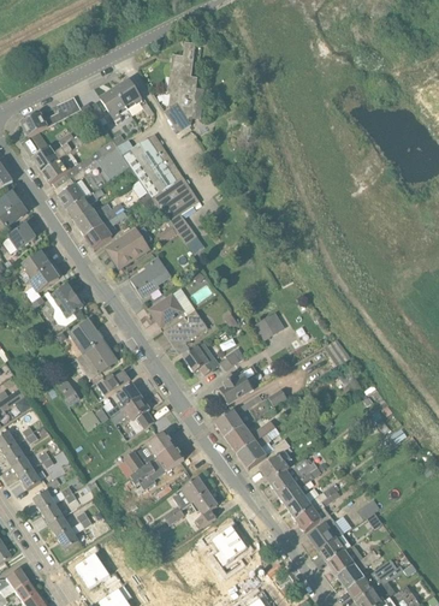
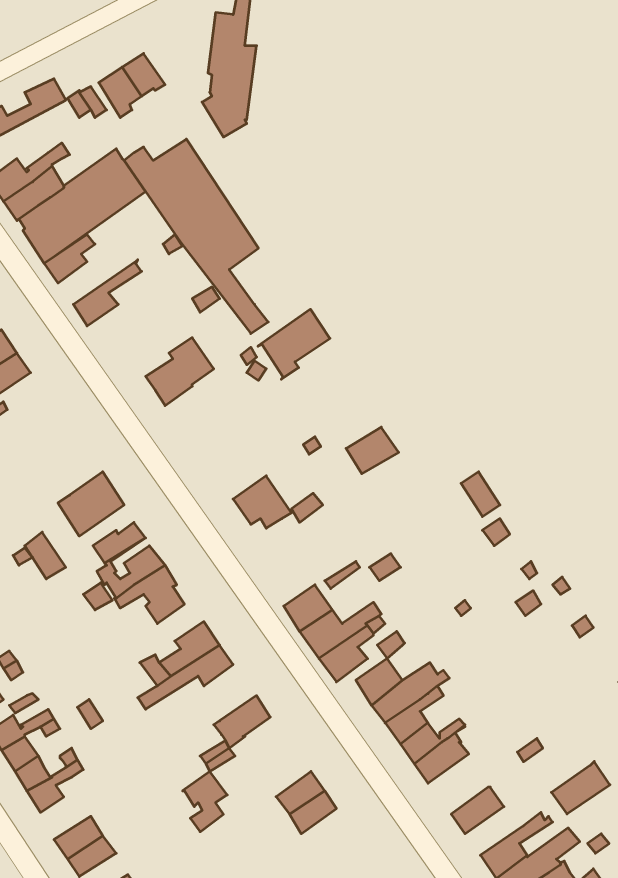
building: [76,202,125,236] -> none
building: [107,227,150,268] -> none
building: [47,285,83,325] -> none
building: [148,292,185,325] -> none
building: [164,309,208,352] -> [258,309,330,379]
building: [69,319,103,354] -> none
building: [219,370,254,404] -> none
building: [190,491,218,528] -> [183,771,227,832]
building: [308,518,345,551] -> none
building: [327,543,363,576] -> [551,761,610,814]

